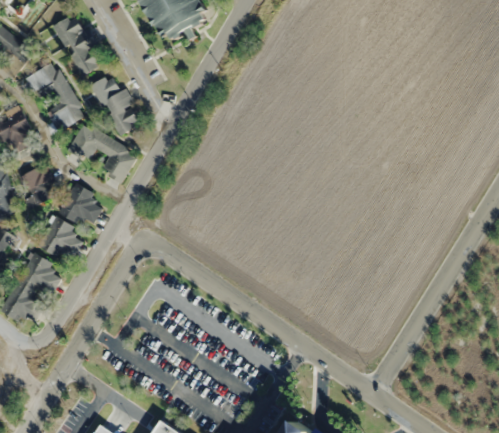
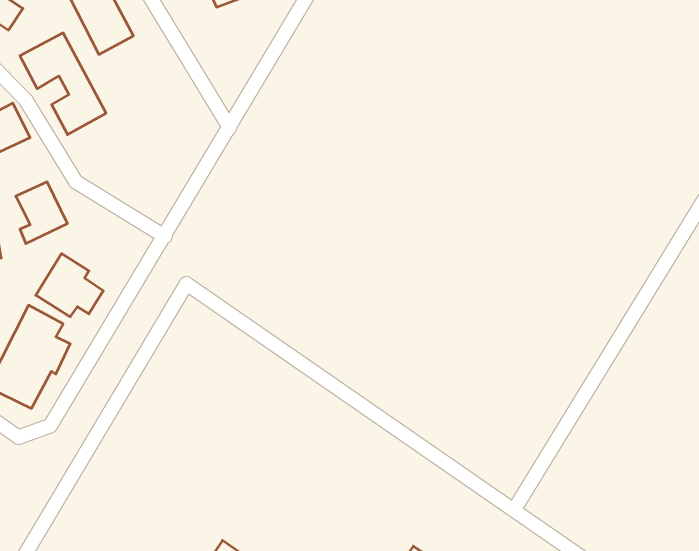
building: [90,74,138,134] -> none
building: [67,123,136,182] -> none
building: [58,182,101,228] -> none

